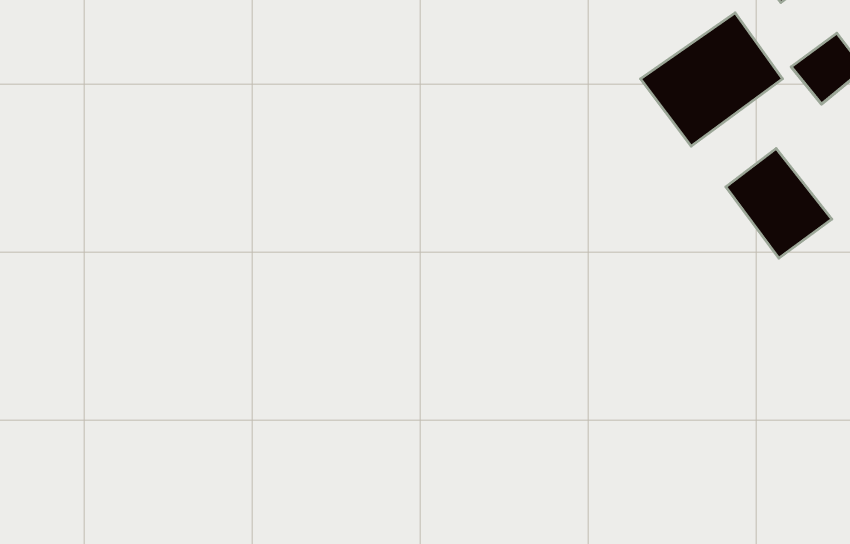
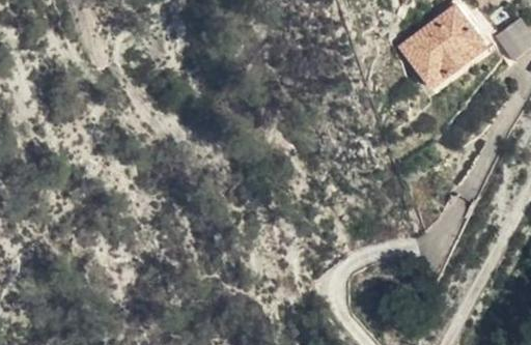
building: [726,148,832,258] -> none

